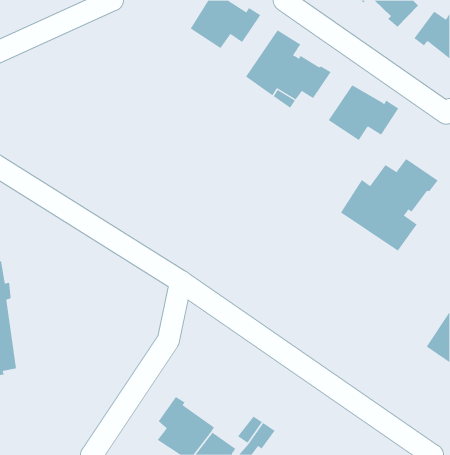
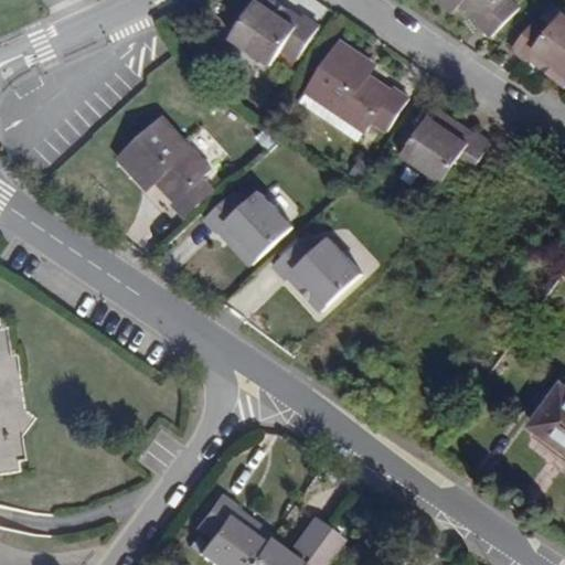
building: none -> [116,121,210,218]
building: none -> [201,193,289,264]
building: [340,158,438,251] -> none
building: none -> [270,241,359,310]

